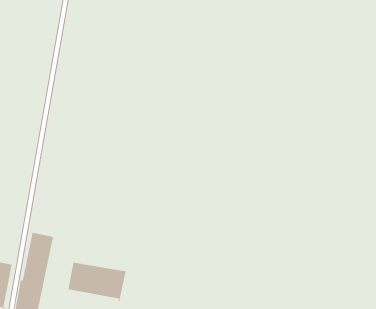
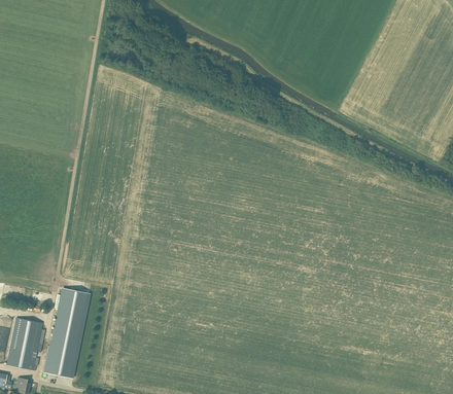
building: [68,262,126,302] -> none

